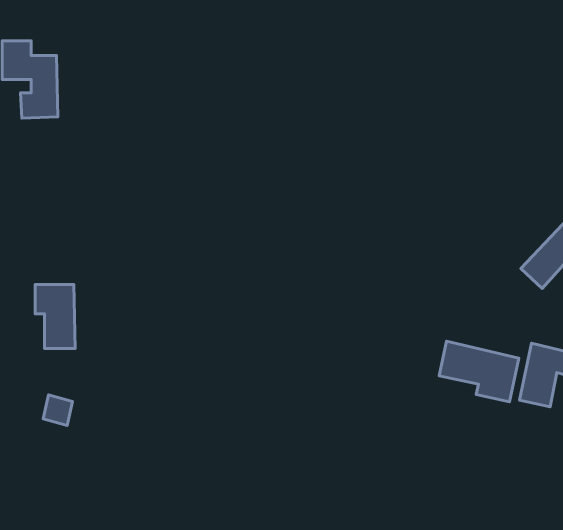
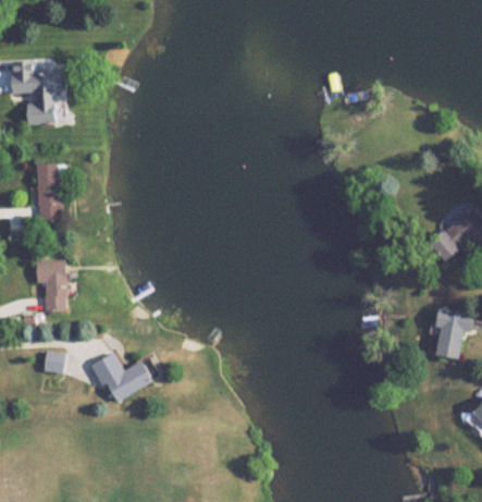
building: none -> [36,163,60,219]
building: [439,341,519,402] -> none
building: none -> [96,354,156,404]

